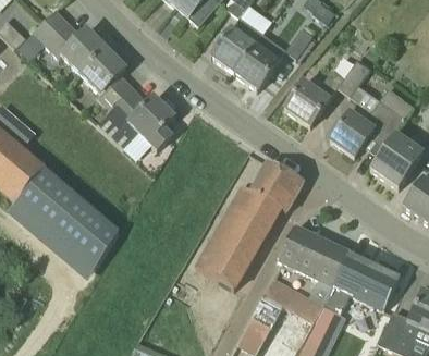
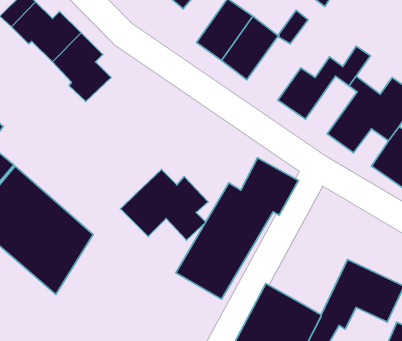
building: [97,87,176,151] -> [121,169,208,240]
building: [278,225,348,303] -> none

